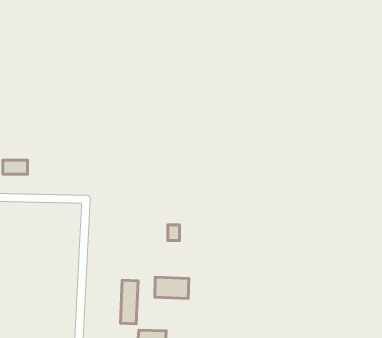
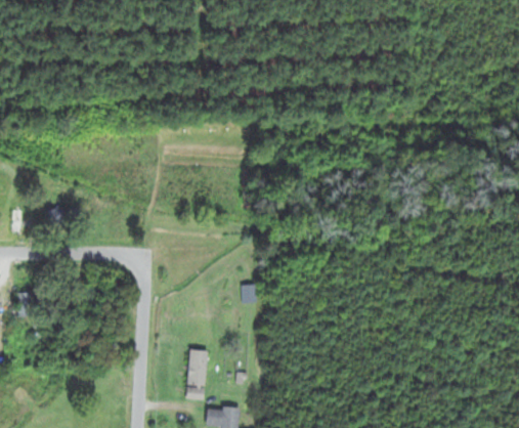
building: [155,277,189,298] -> none

